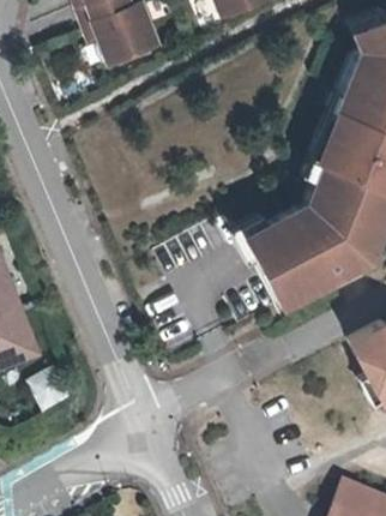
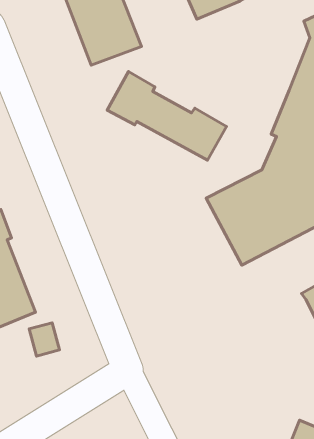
building: none -> [107,72,227,160]

